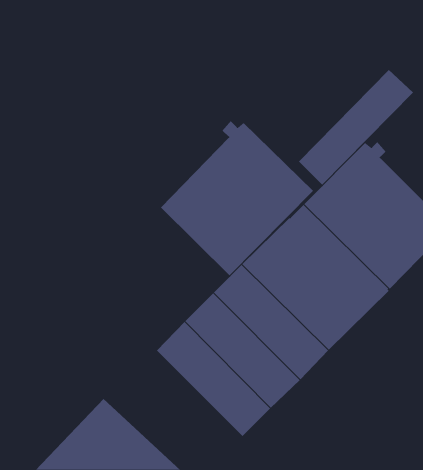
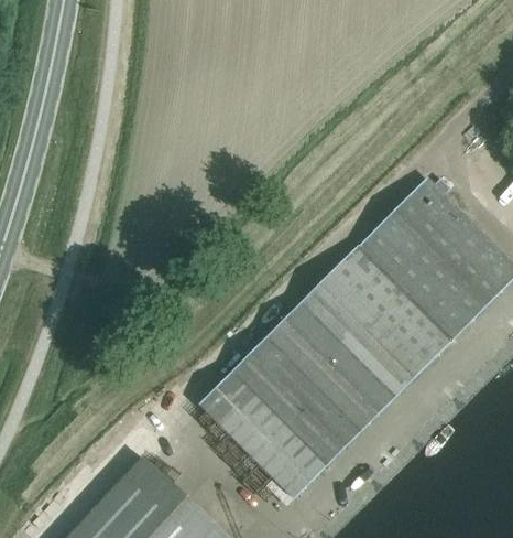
building: [298,69,414,185] -> none
building: [160,120,314,276] -> none

